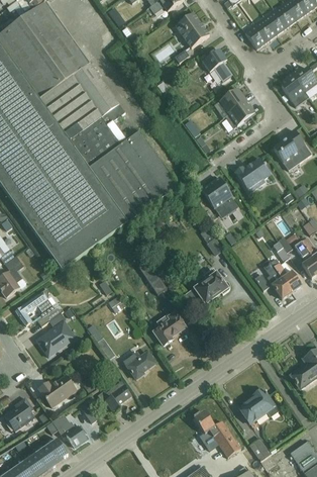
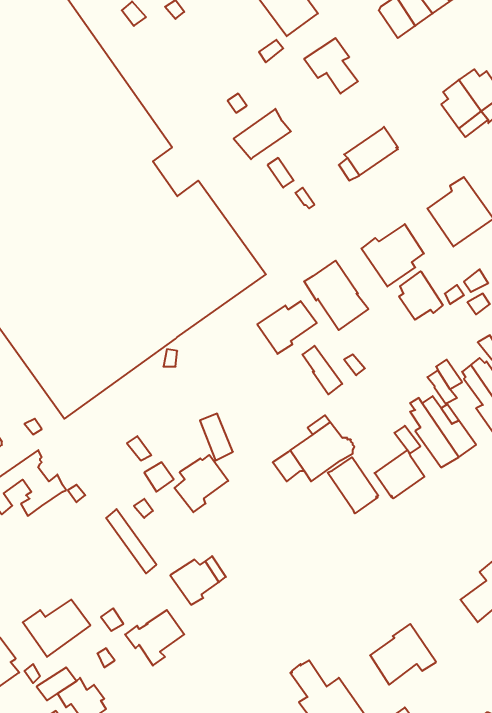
building: [213,87,246,116] -> [234,109,291,159]
building: none -> [399,271,443,320]
building: none -> [257,301,317,354]
building: none -> [374,450,424,498]
building: none -> [328,457,378,513]
building: [152,310,184,344] -> [174,455,228,512]
building: [35,311,76,356] -> none

